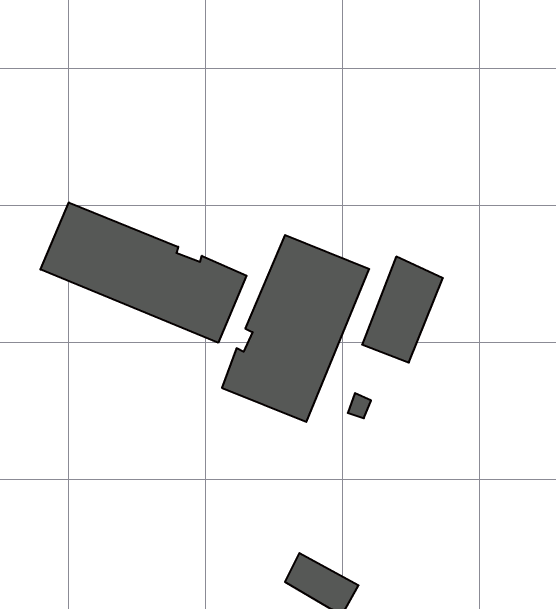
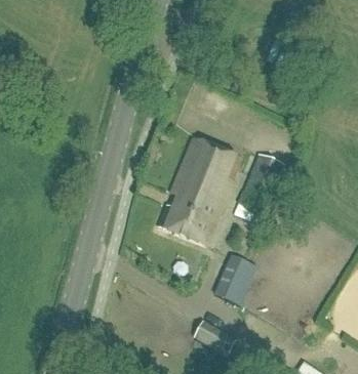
building: [40,202,247,343] -> none
building: none -> [212,252,256,304]

